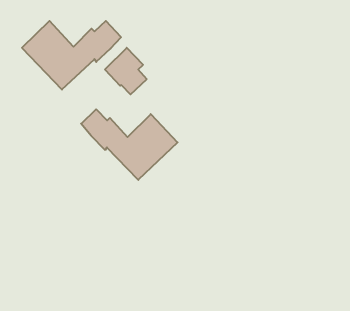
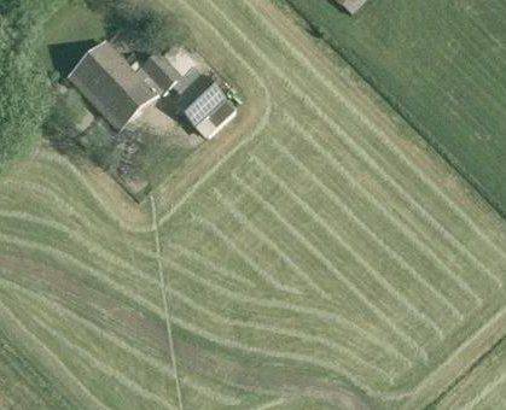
building: [81,109,178,180] -> none

